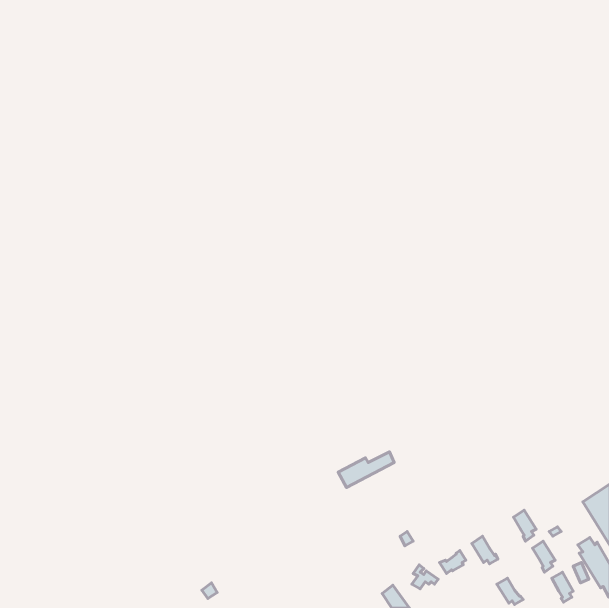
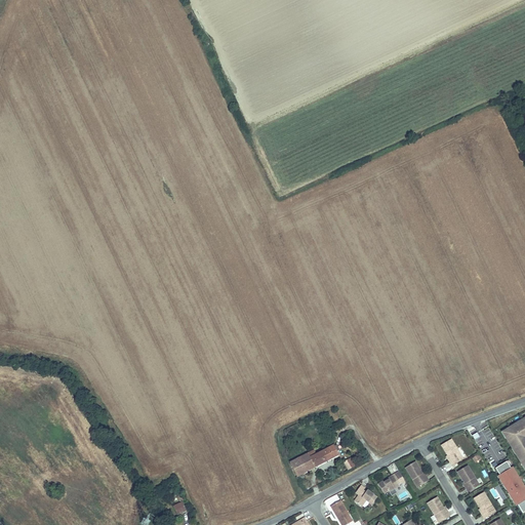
building: [338,452,394,488] -> [290,444,338,475]

